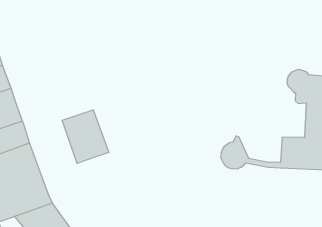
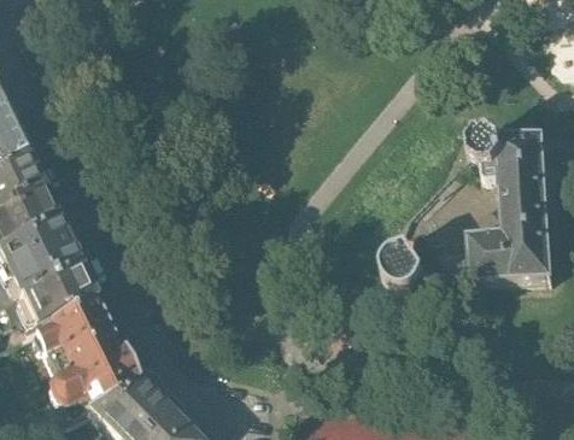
building: [62,110,109,163] -> none

